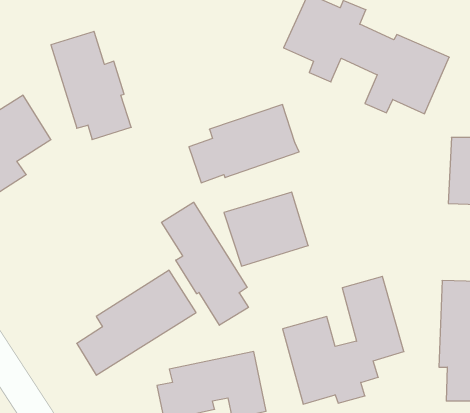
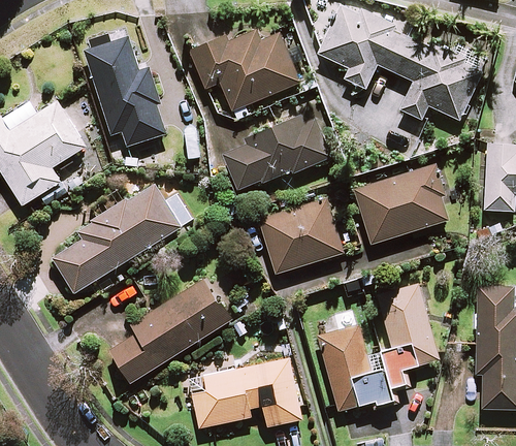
building: none -> [190,30,298,121]
building: none -> [354,165,450,245]
building: none -> [53,184,182,293]
building: [162,202,248,325] -> none

